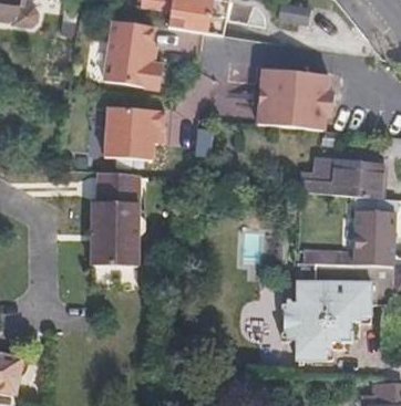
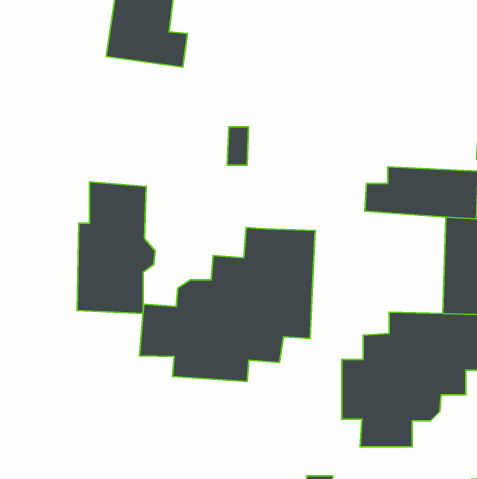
building: [258,71,327,131] -> none
building: [105,106,165,158] -> none
building: none -> [140,227,315,381]

